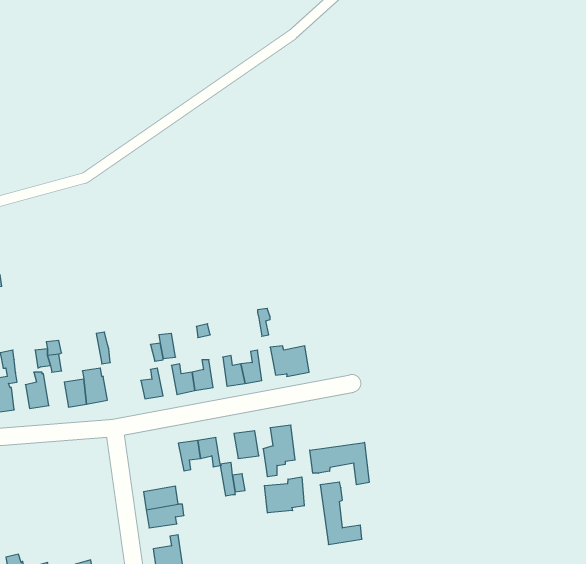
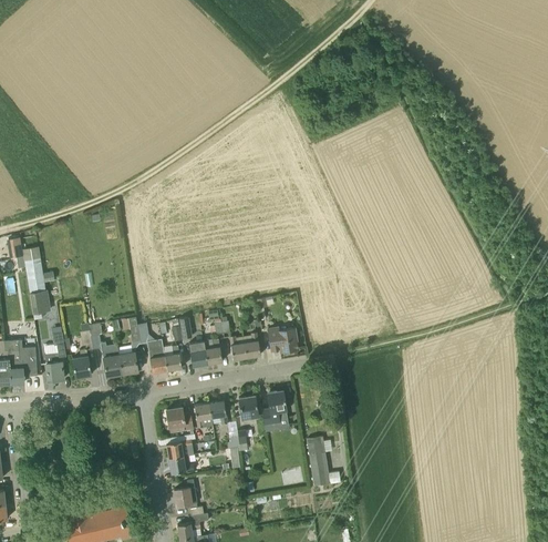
building: none -> [147,340,167,375]
building: [310,442,369,485] -> none
building: none -> [166,409,192,433]
building: [264,477,304,513] -> none

